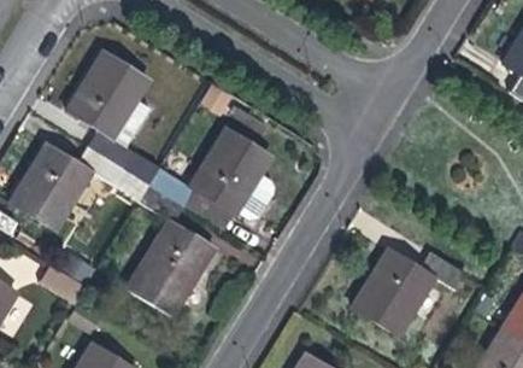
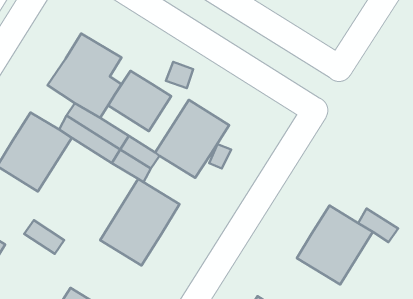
building: none -> [108,71,171,131]

